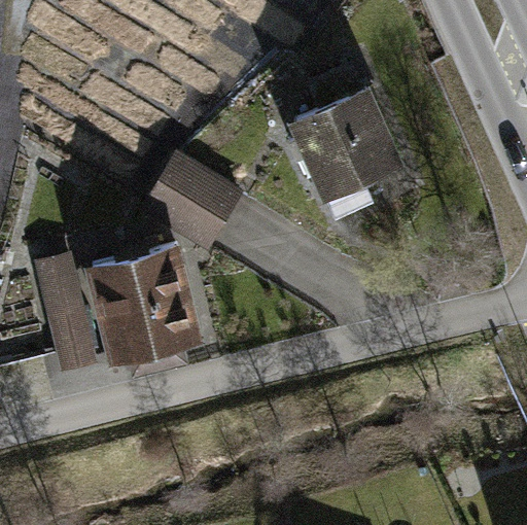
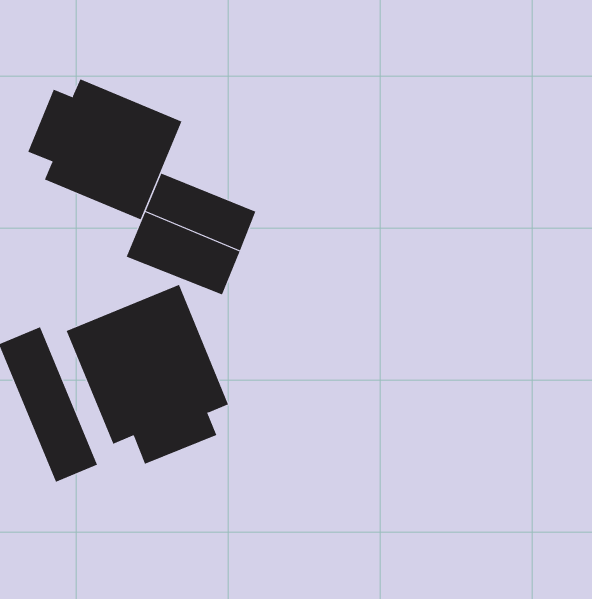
building: none -> [28,79,182,220]
building: [287,84,401,219] -> none

